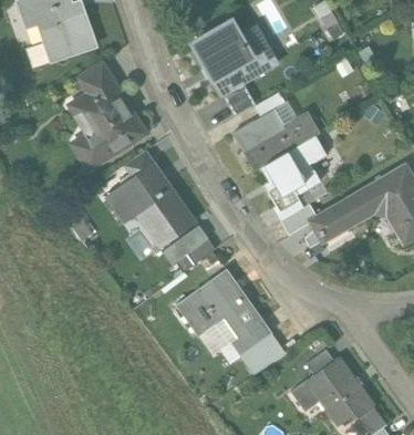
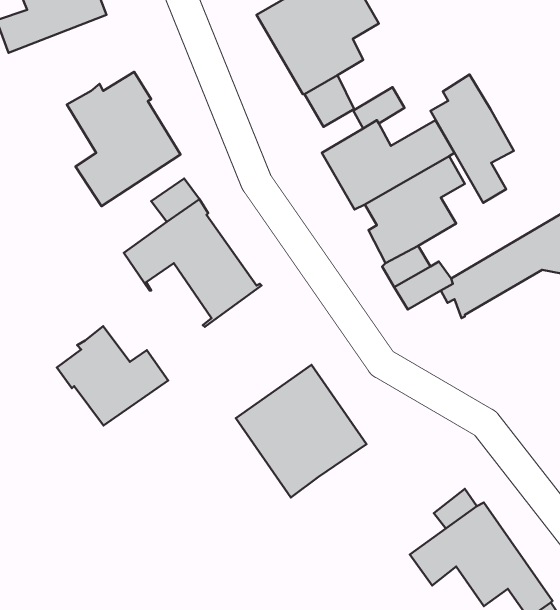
building: [76,62,114,94] -> none
building: none -> [431,75,514,203]
building: [164,226,216,272] -> none
building: none -> [57,326,168,426]
building: [232,321,284,373] -> none

